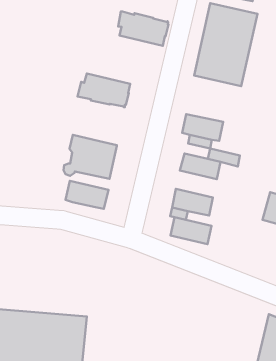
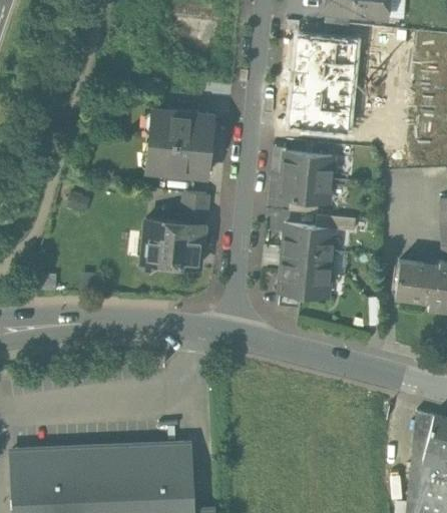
building: [118,11,169,46] -> [151,110,213,146]
building: none -> [284,153,333,179]
building: none -> [180,192,207,225]
building: [65,181,108,209] -> none
building: [171,217,211,244] -> [283,246,332,275]

